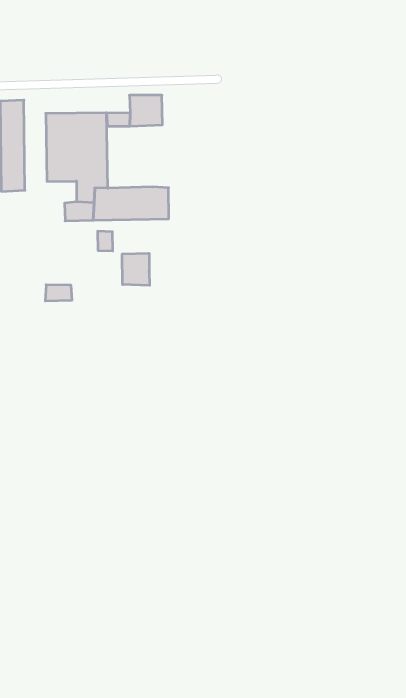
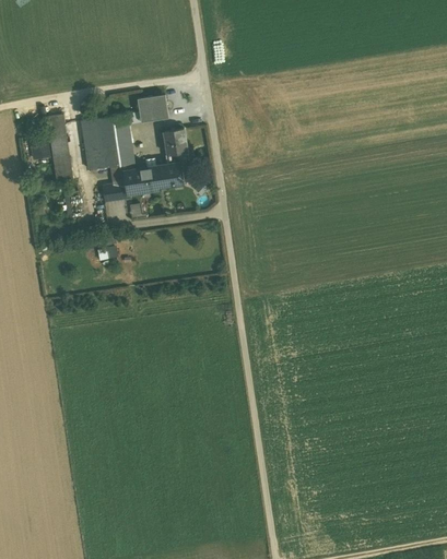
building: none -> [162,129,188,165]
building: [122,253,150,285] -> none

